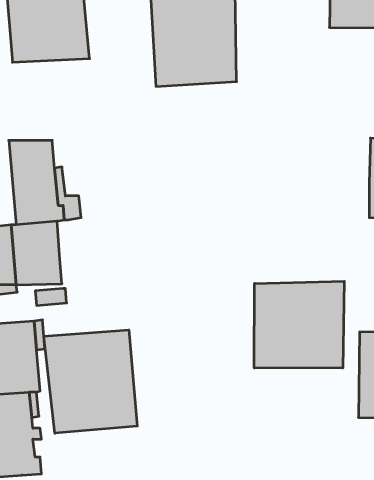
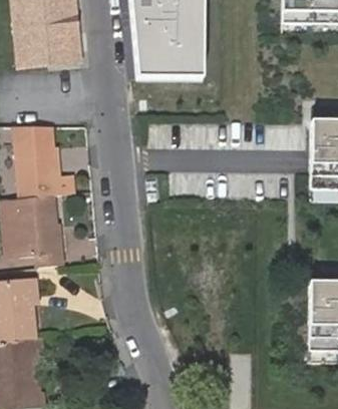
building: [254,281,344,368] -> none
building: [44,330,137,433] -> none

